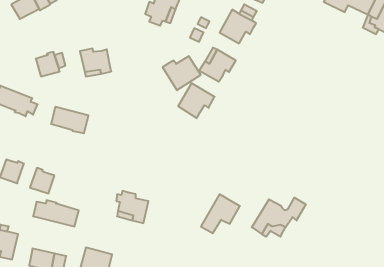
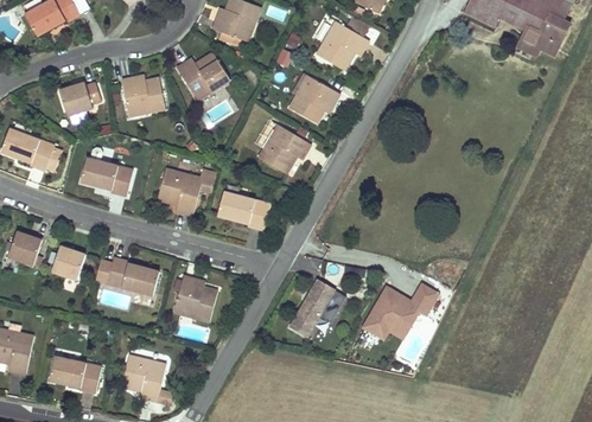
building: [163,56,201,90] -> [176,52,229,100]
building: none -> [155,168,215,215]
building: none -> [216,191,268,229]
building: [33,200,79,226] -> [94,257,158,294]

